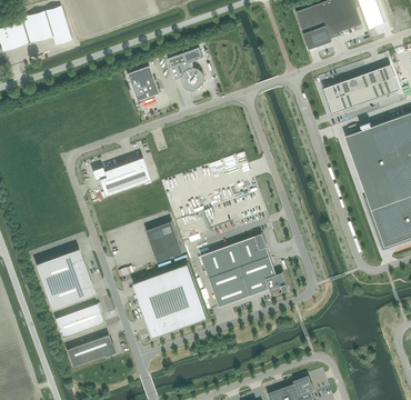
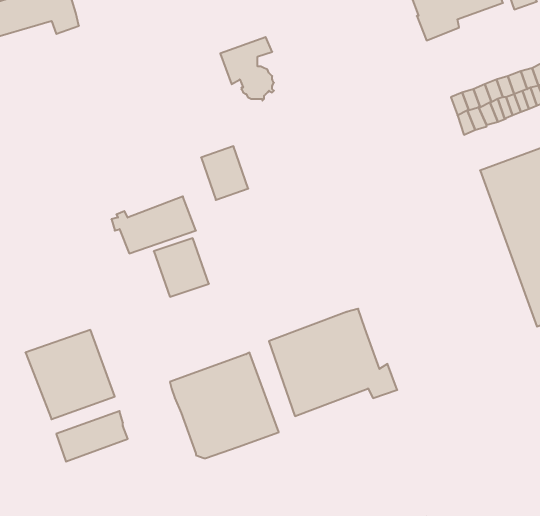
building: [127,66,159,102] -> [201,146,248,200]
building: [146,221,183,261] -> [154,238,209,297]
building: [67,334,114,367] -> none

